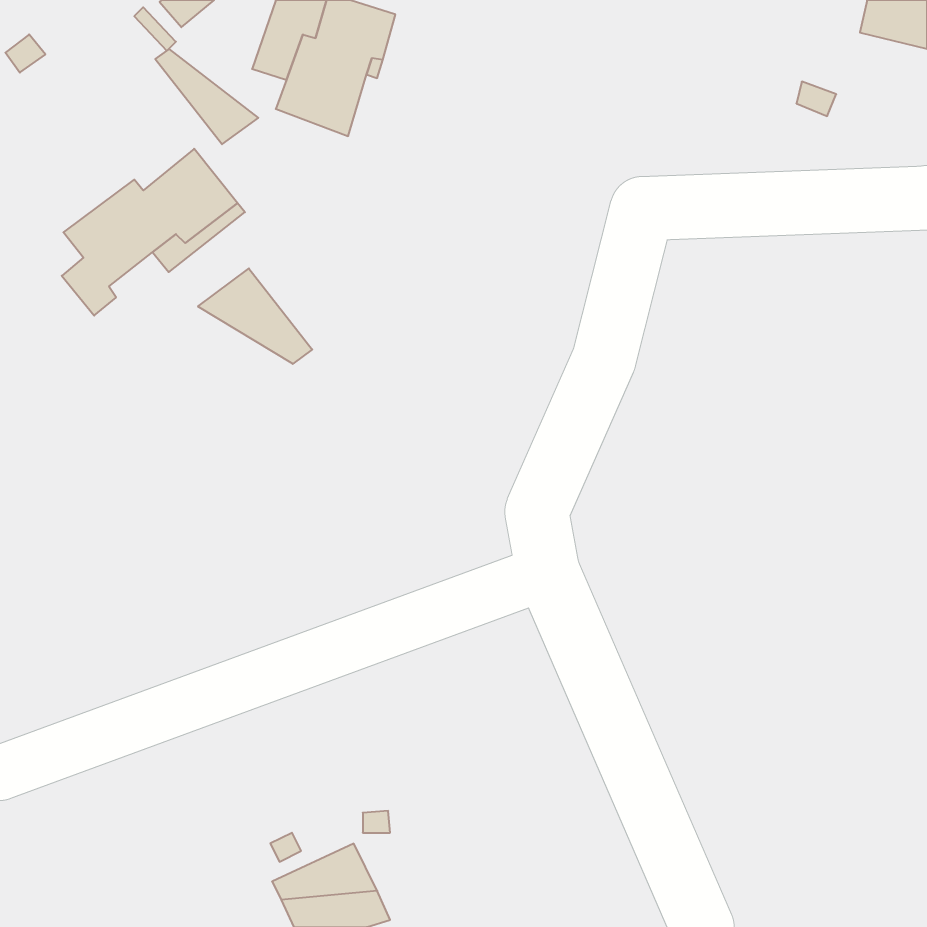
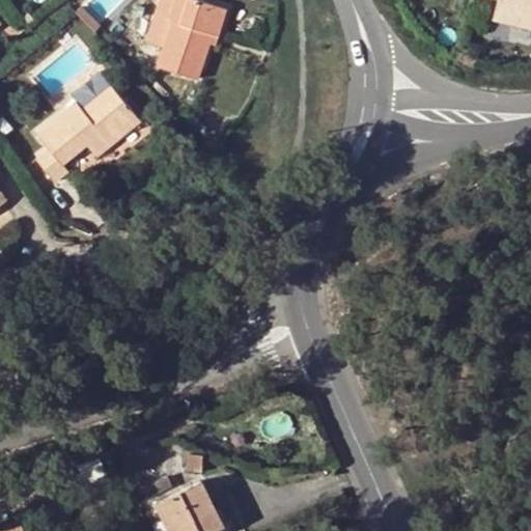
building: [155,49,258,144] -> none
building: [198,268,312,364] -> none

